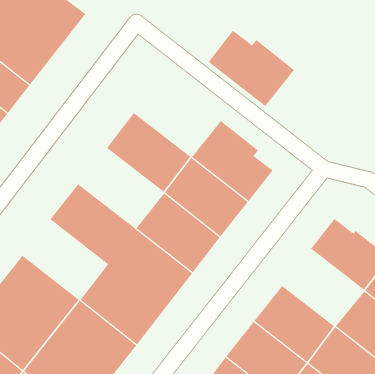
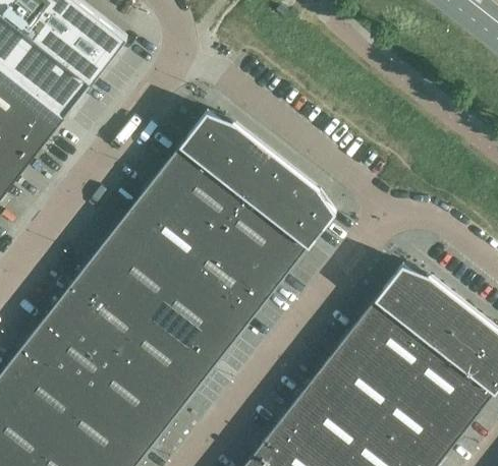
building: [208,30,295,107] -> [179,111,276,196]
building: none -> [117,186,213,276]
building: none -> [55,266,150,355]
building: none -> [344,298,436,385]

